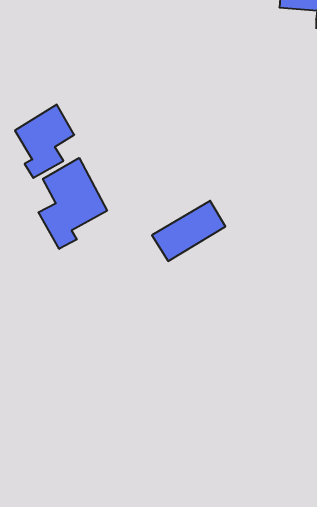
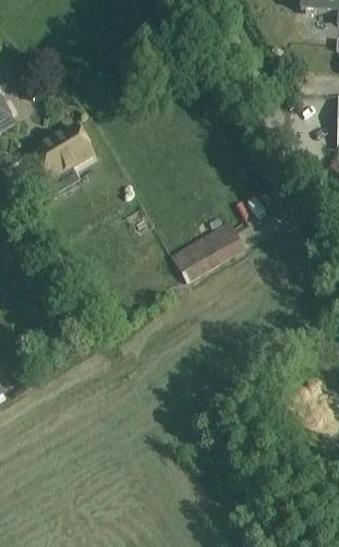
building: [38,158,107,249] -> none

